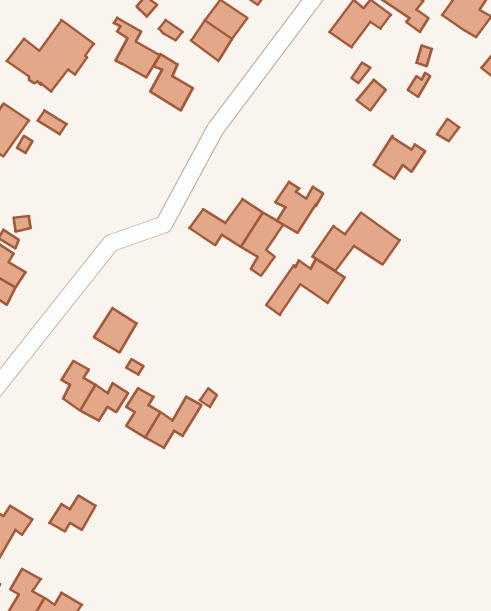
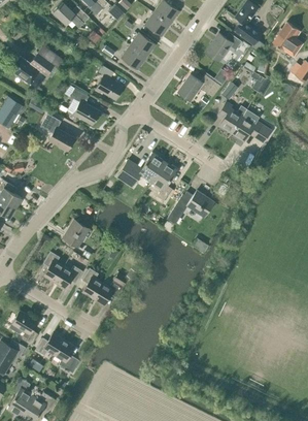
building: [114,18,160,77] -> [72,89,100,125]
building: none -> [178,74,221,101]
building: none -> [41,114,75,151]
building: [275,182,323,233] -> [218,102,247,133]
building: [312,213,400,271] -> none
building: none -> [11,311,38,345]
building: none -> [56,339,80,373]

